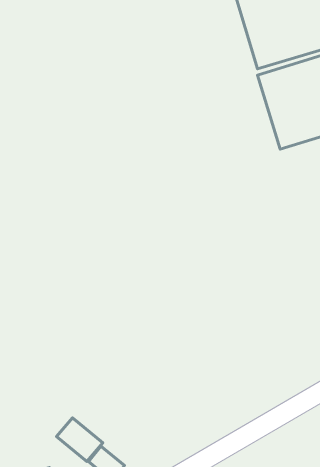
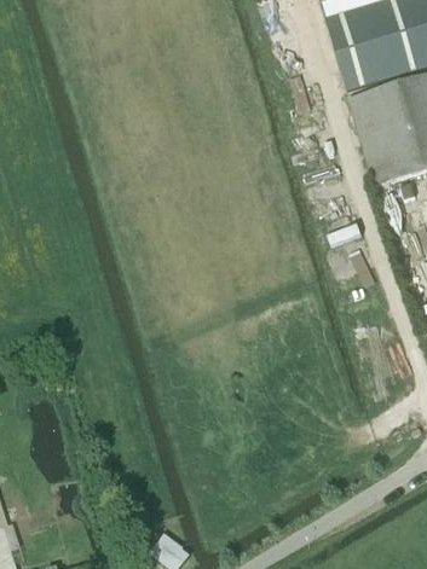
building: [57,418,103,462] -> none

